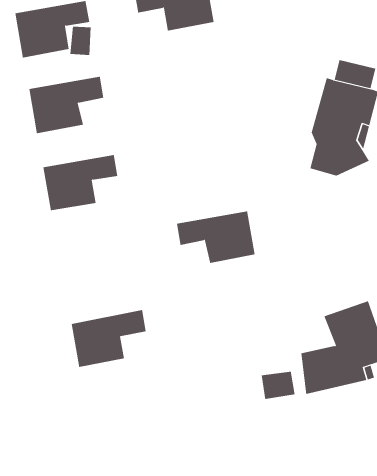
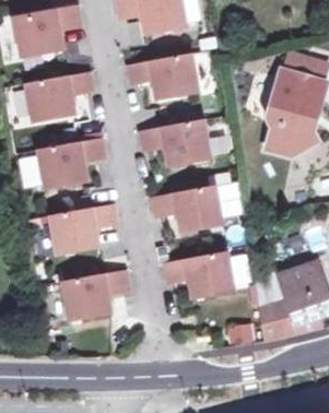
building: none -> [128,52,196,97]
building: none -> [140,119,208,164]
building: none -> [50,204,115,252]
building: none -> [164,252,232,297]

